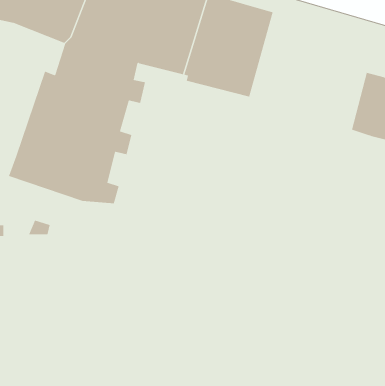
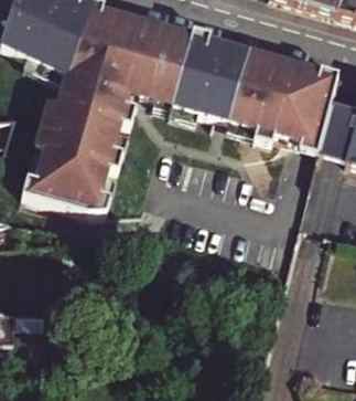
building: none -> [231,48,341,152]

